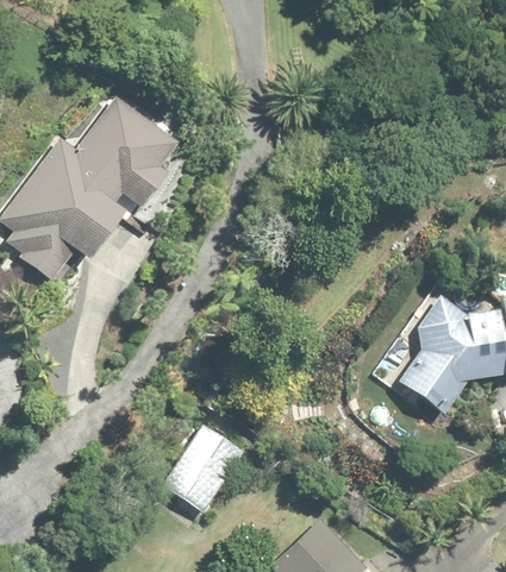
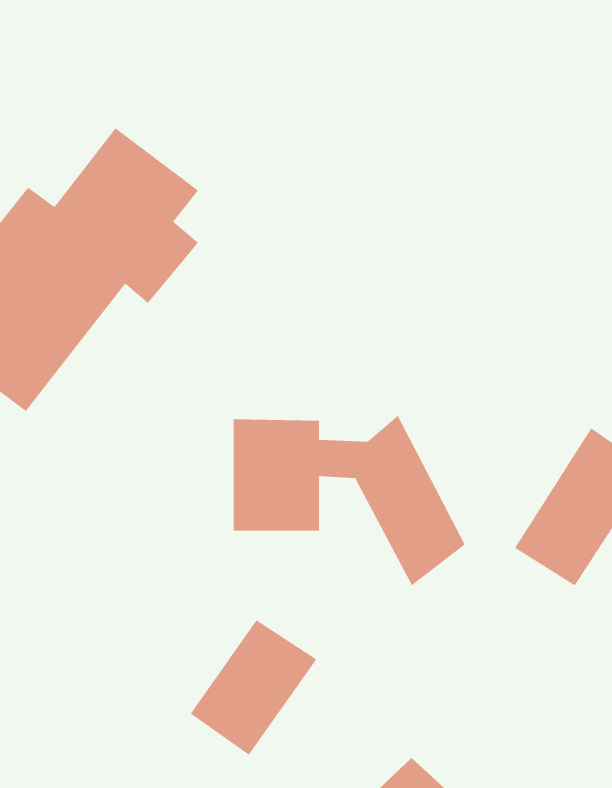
building: none -> [233,415,466,586]

